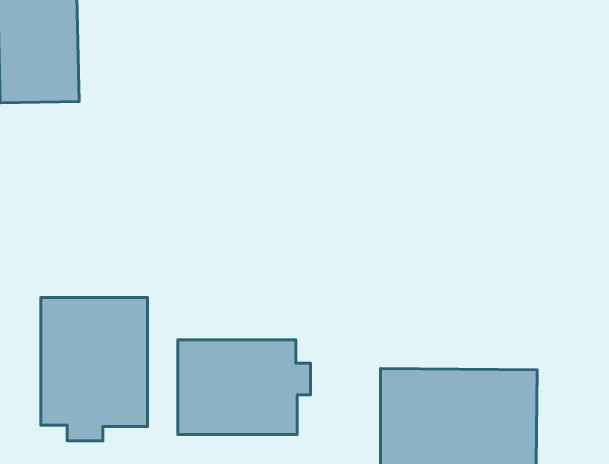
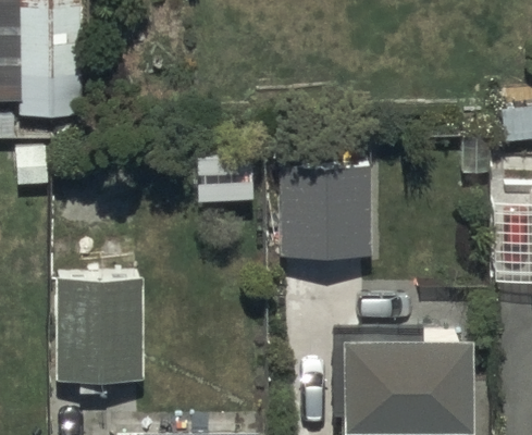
building: none -> [281,167,369,257]
building: [178,340,311,435] -> none

